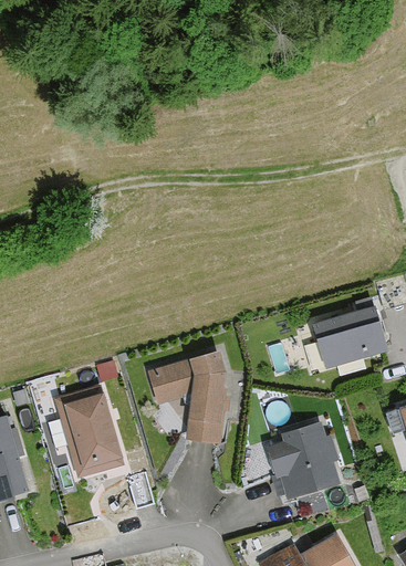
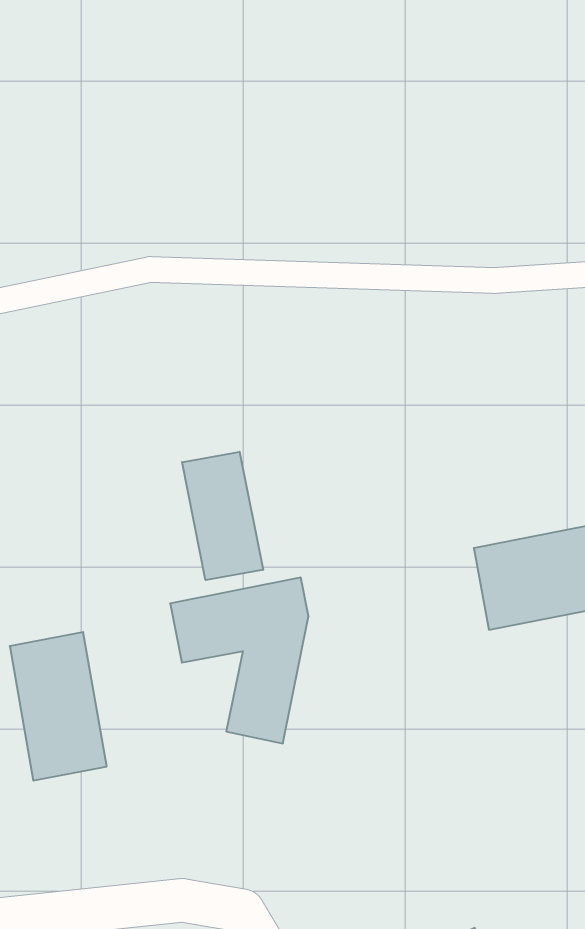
building: none -> [182,452,263,580]
building: [268,423,339,497] -> none

